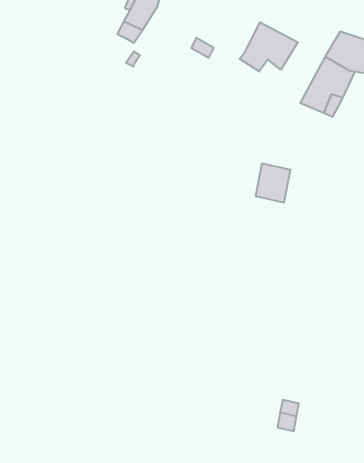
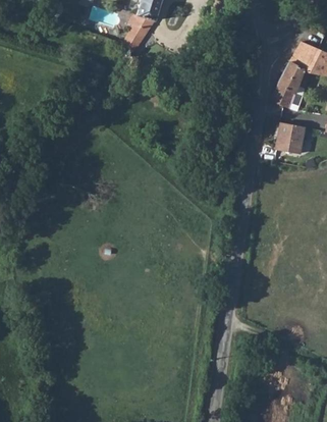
building: [239,22,298,72] -> none
building: [256,164,291,202] -> [275,121,304,153]

